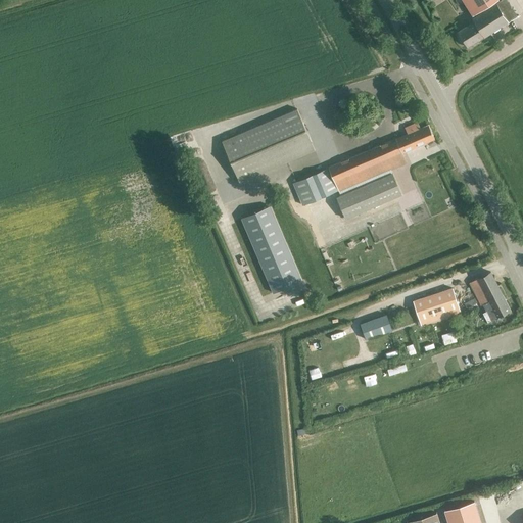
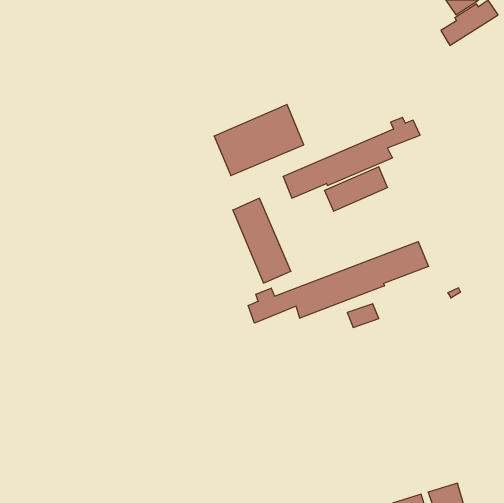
building: none -> [248,242,429,323]
building: [469,273,511,323] -> none
building: [413,289,460,326] -> none

